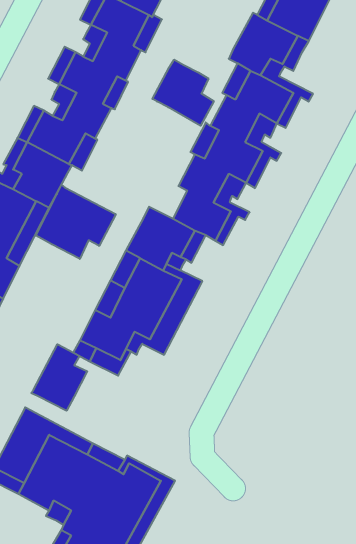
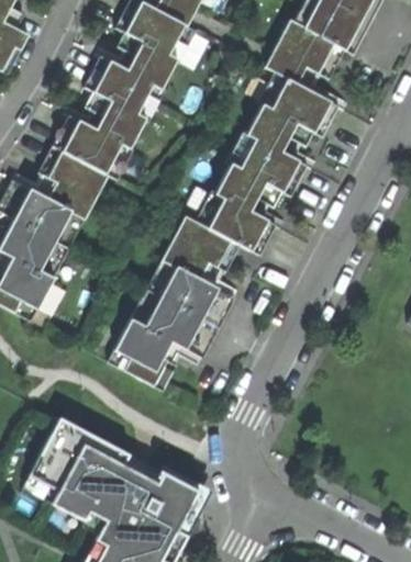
building: [152,60,214,126] -> none
building: [36,185,116,259] -> none
building: [31,344,87,411] -> none

